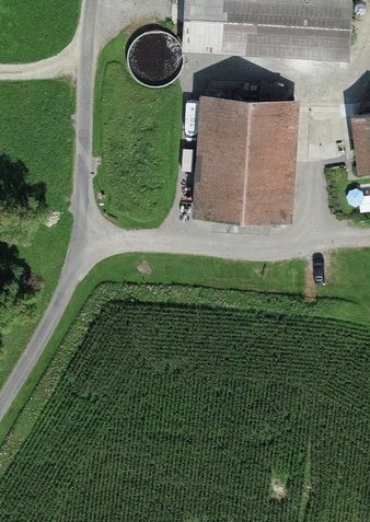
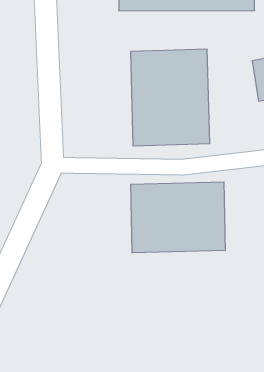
building: none -> [131,182,225,253]

